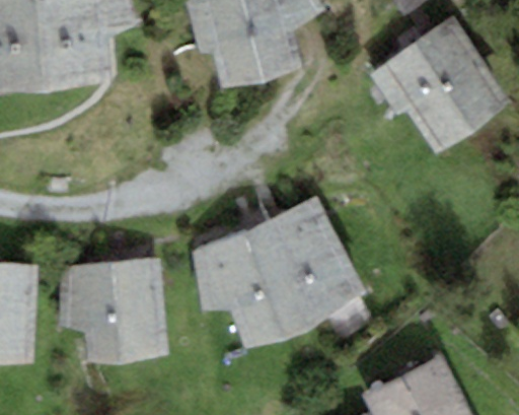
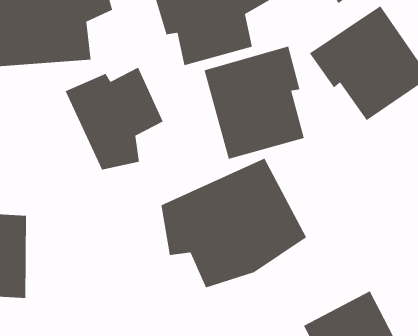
building: none -> [203,45,305,160]
building: none -> [64,67,164,170]
building: [59,259,170,362] -> none

